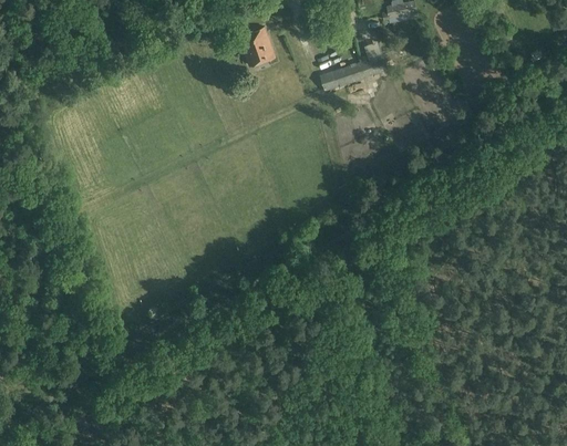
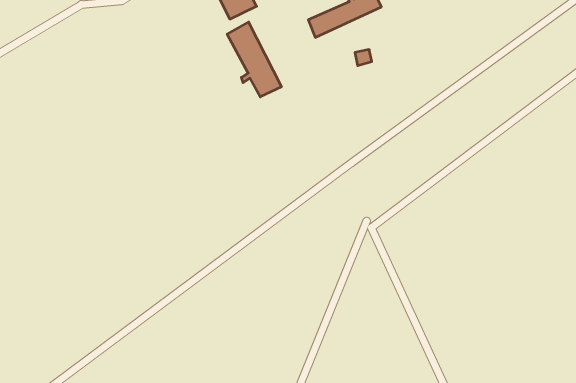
building: none -> [227,22,281,97]

